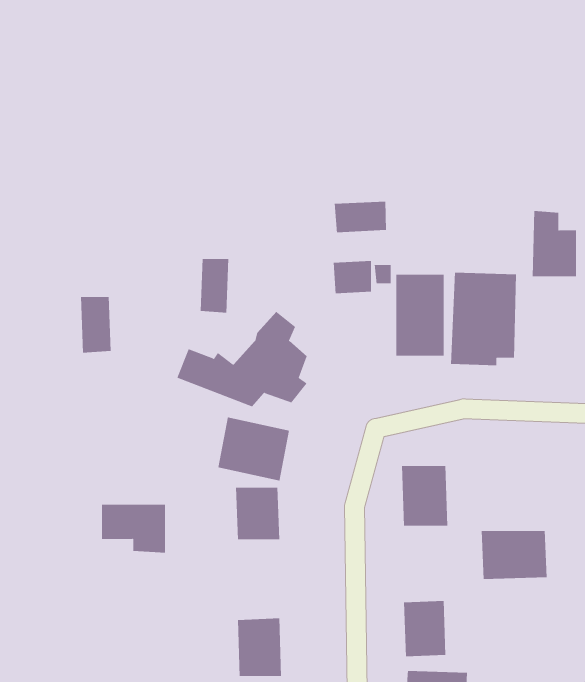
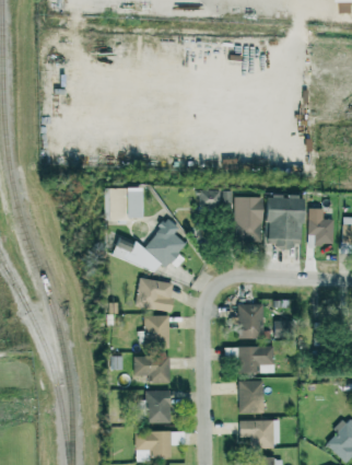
building: [334,201,386,233] -> none
building: [532,210,577,277] -> [308,208,333,245]
building: [80,297,111,353] -> [106,188,124,220]
building: [101,504,166,553] -> [133,356,169,383]
building: [481,531,547,579] -> [237,346,274,373]

